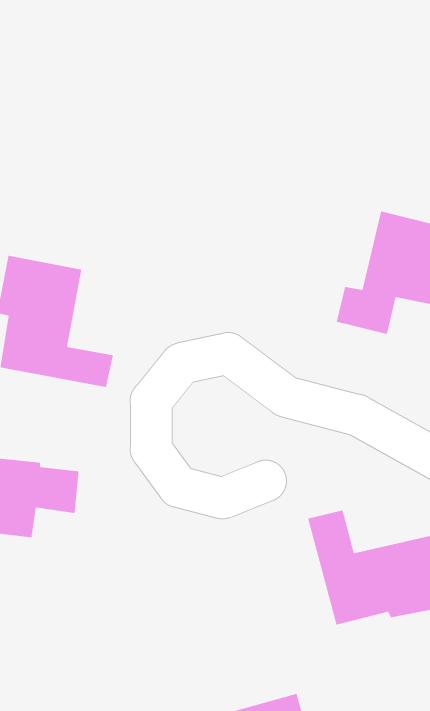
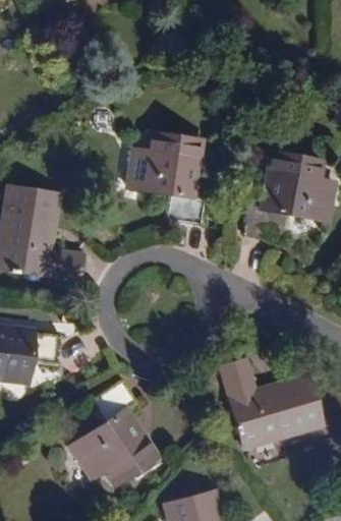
building: none -> [126,136,206,228]
building: none -> [72,383,159,484]

